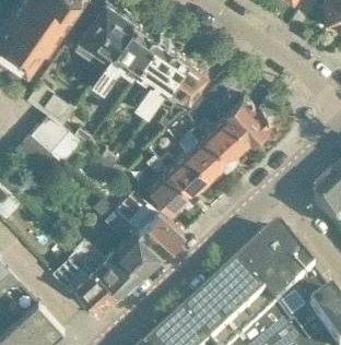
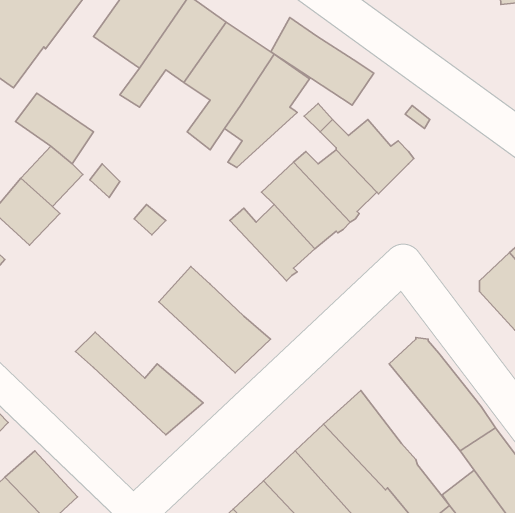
building: none -> [271,17,374,105]
building: [146,154,195,218] -> none
building: [104,209,163,272] -> none
building: [240,248,294,307] -> none
building: [54,250,120,317] -> none

